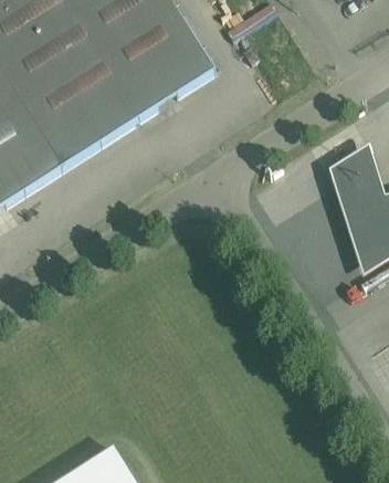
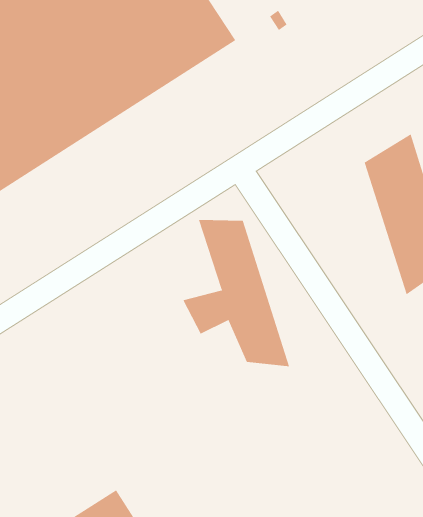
building: none -> [183,219,290,367]

